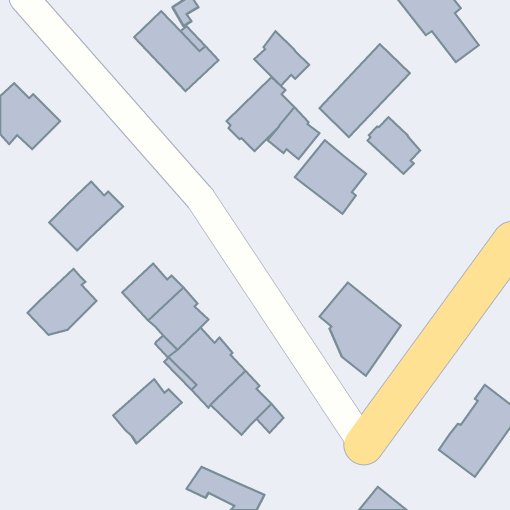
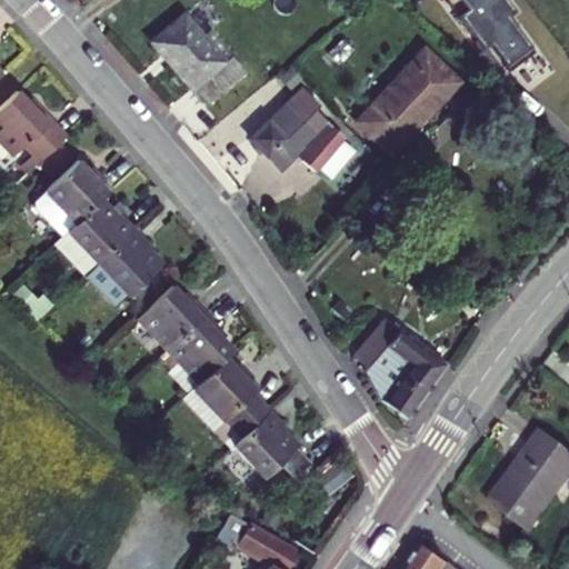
building: [254,31,309,86] -> none
building: [368,117,420,174] -> none
building: [295,140,366,214] -> none
building: none -> [37,160,117,239]
building: [27,269,97,335] -> [88,229,164,302]
building: [113,379,182,444] -> none

